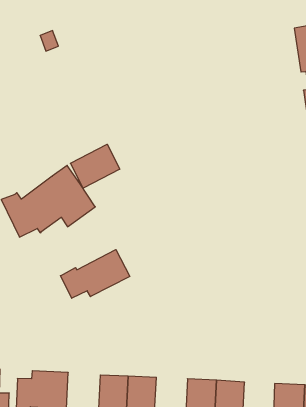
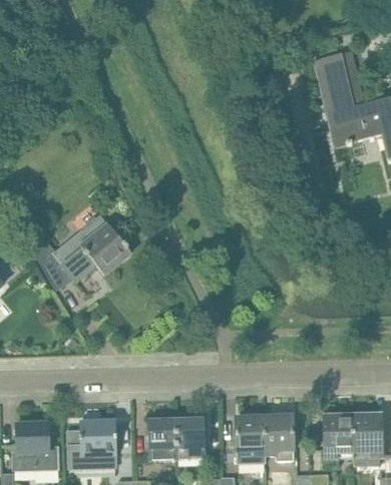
building: [70,144,120,188] -> none
building: [60,250,130,298] -> none

